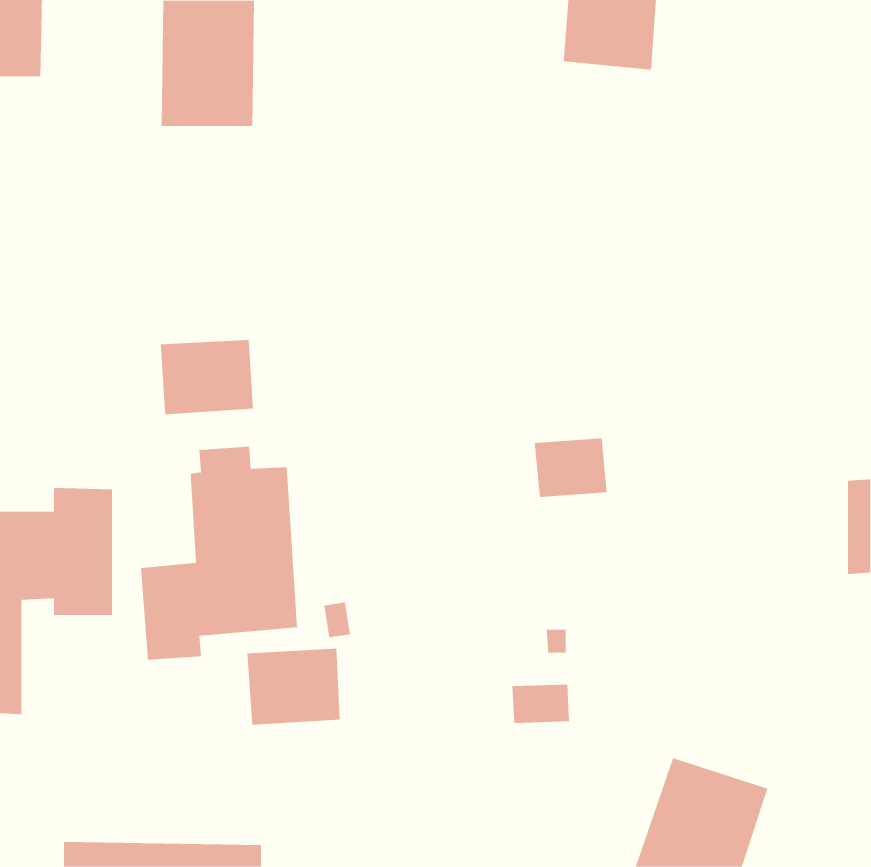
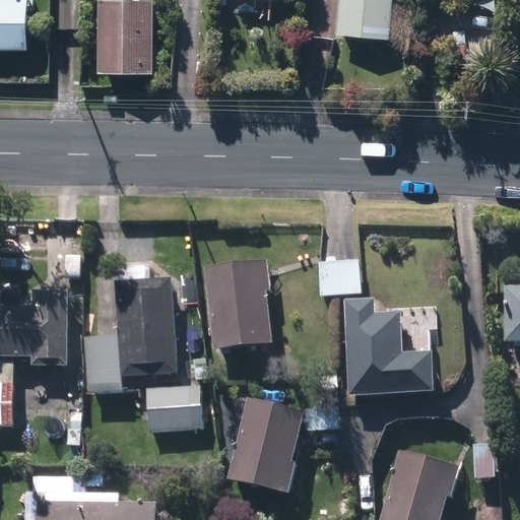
building: [160,339,253,415] -> none
building: none -> [204,260,271,348]
building: none -> [344,299,432,394]
building: none -> [226,398,302,494]

